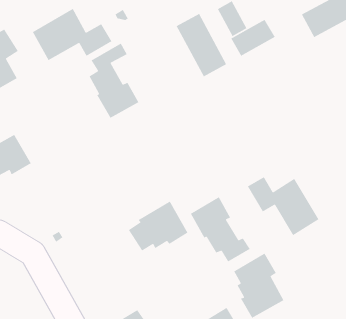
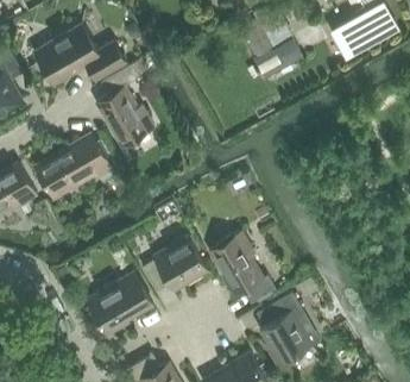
building: [176,13,227,77] -> none
building: none -> [34,136,113,200]
building: [247,176,319,236] -> none
building: none -> [86,273,153,336]

